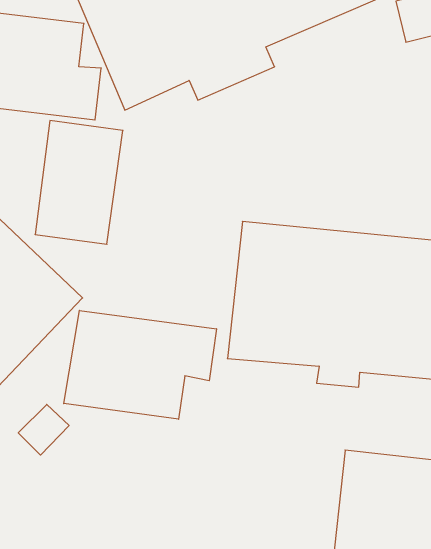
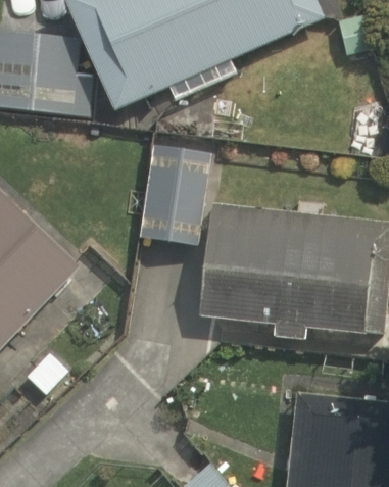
building: [35,121,123,244] -> [140,144,212,246]
building: [64,310,216,419] -> none

